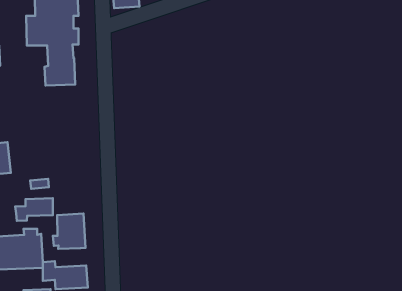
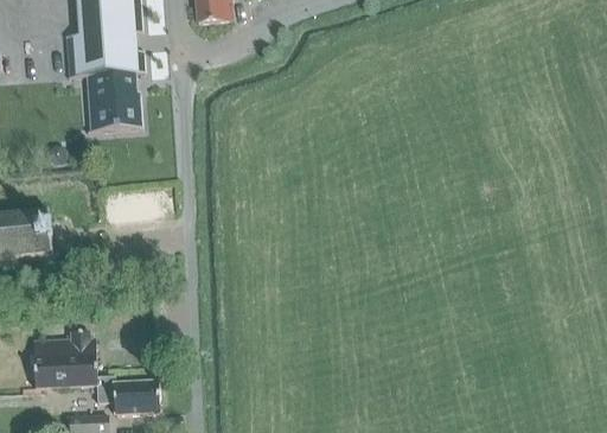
building: [15,198,53,221] -> none
building: [53,214,85,249] -> none

